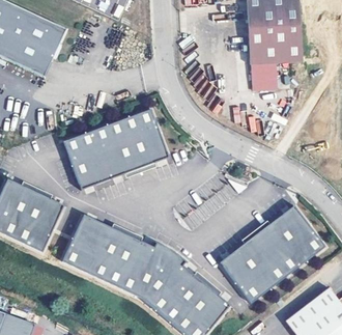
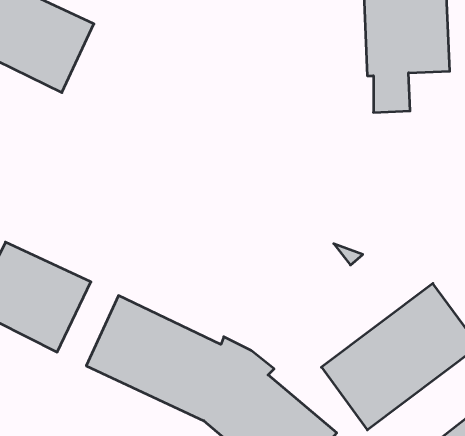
building: [62,105,169,187] -> none

